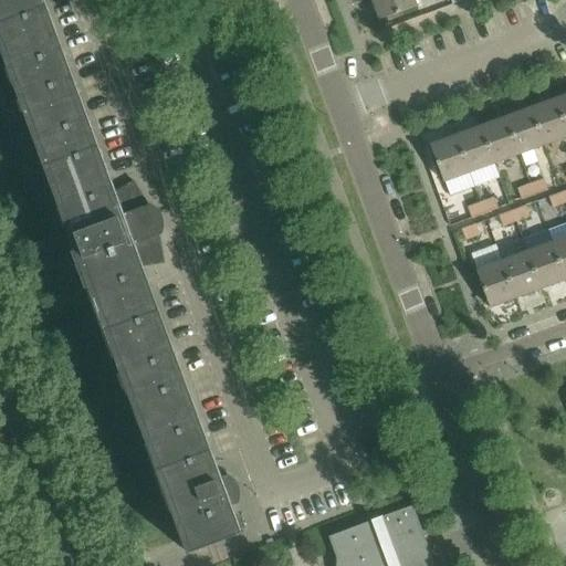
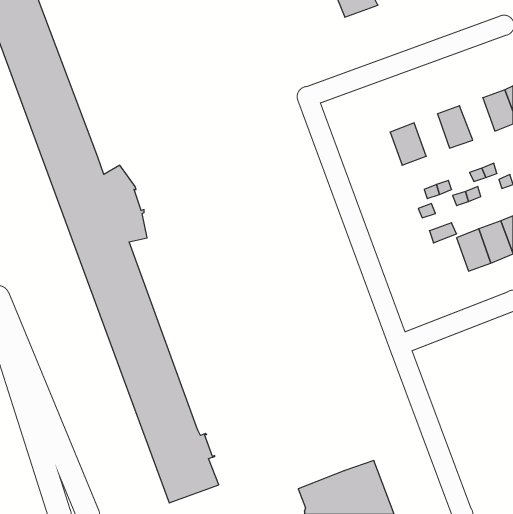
building: [504,107,543,154] -> none
building: [454,125,493,171] -> none
building: [474,261,514,307] -> none

